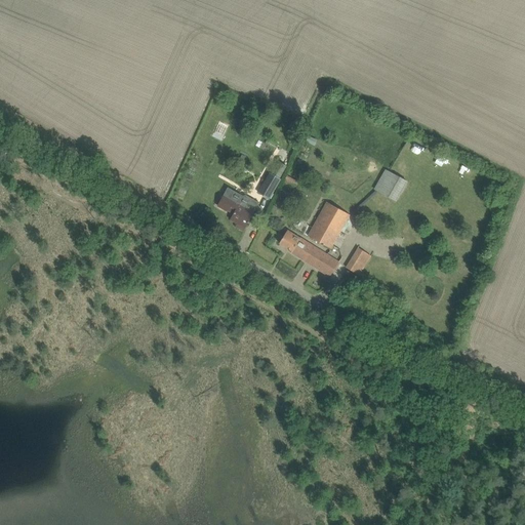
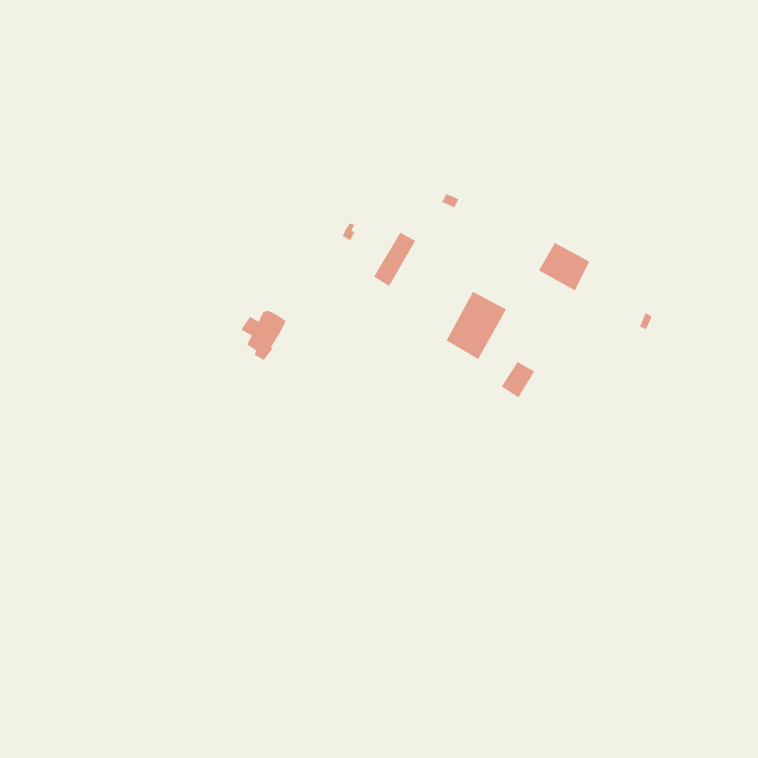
building: [226,195,257,230] -> [240,310,287,361]
building: [278,230,337,277] -> none

